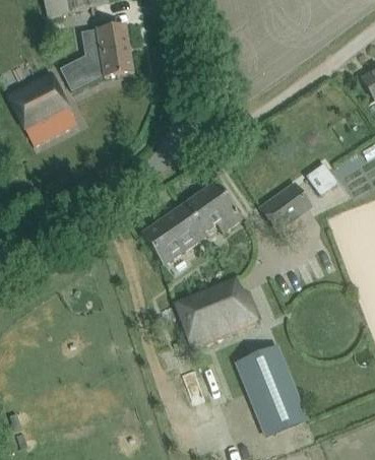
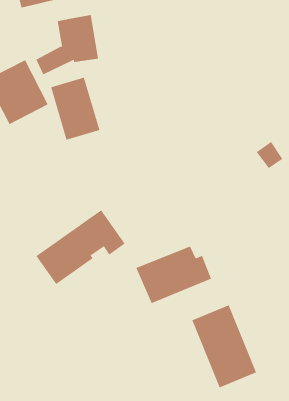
building: none -> [50,77,100,140]
building: [141,181,241,264] -> [36,210,125,285]
building: [260,184,308,227] -> none

